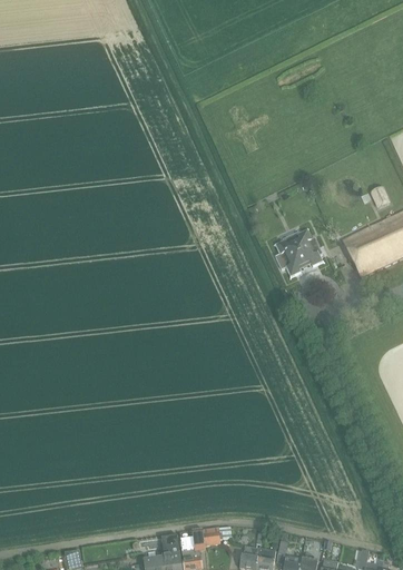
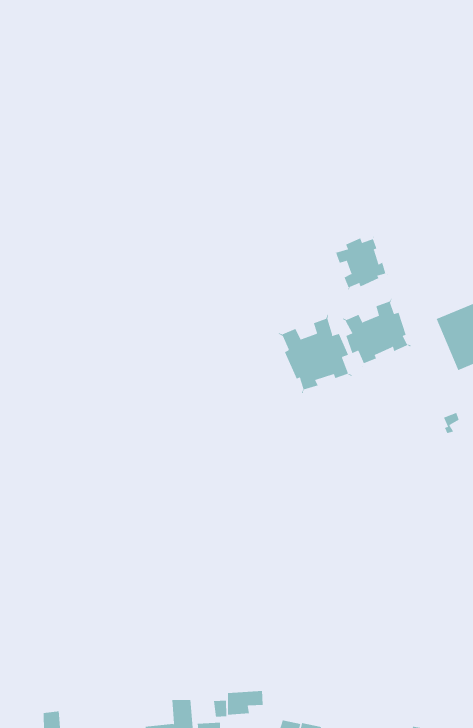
building: none -> [332,236,389,291]
building: none -> [278,313,352,394]

